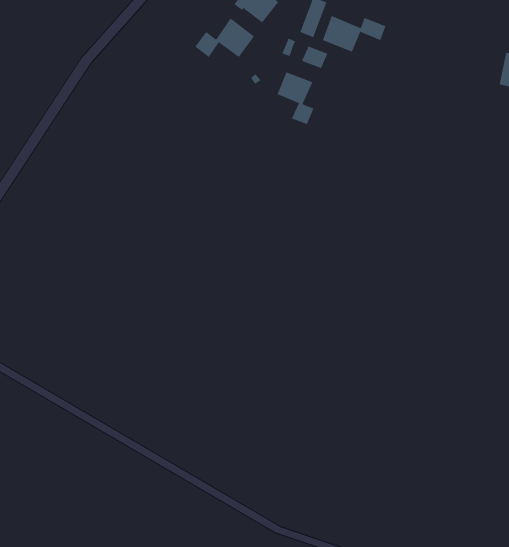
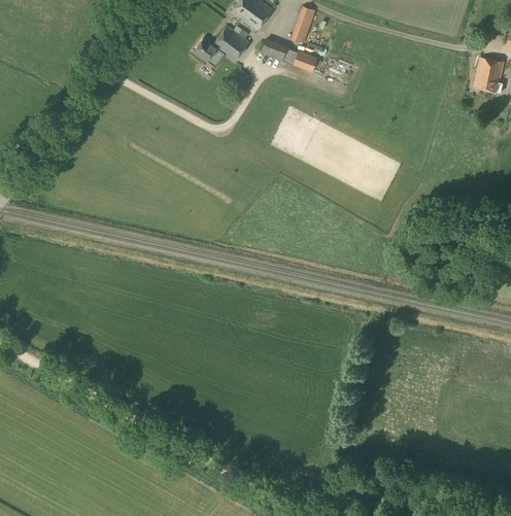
building: [322,15,386,52] -> none
building: [277,72,314,125] -> none

